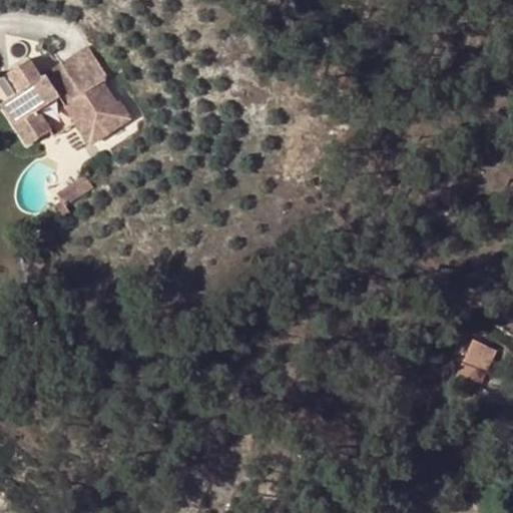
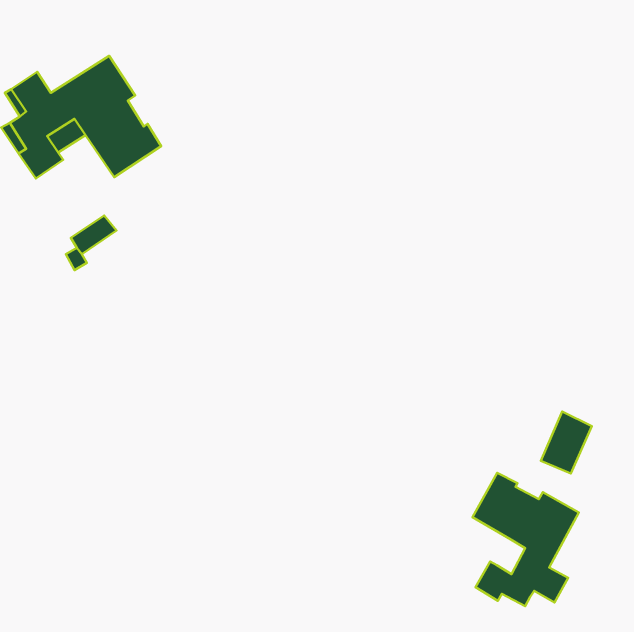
building: none -> [473,473,579,606]

